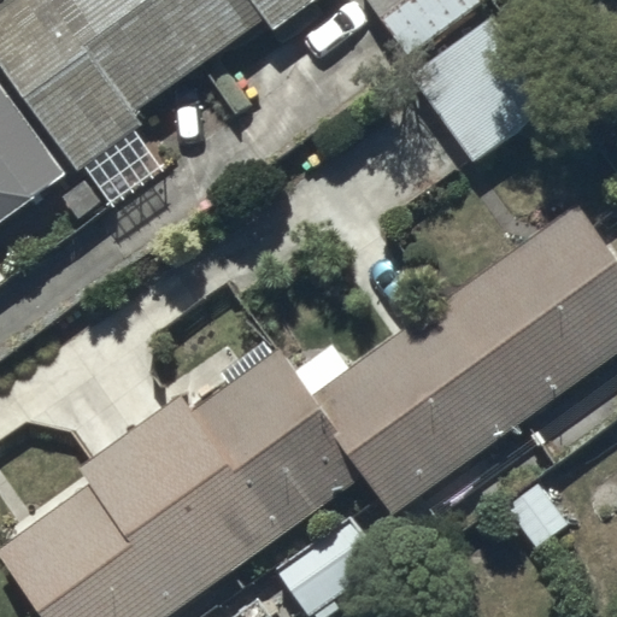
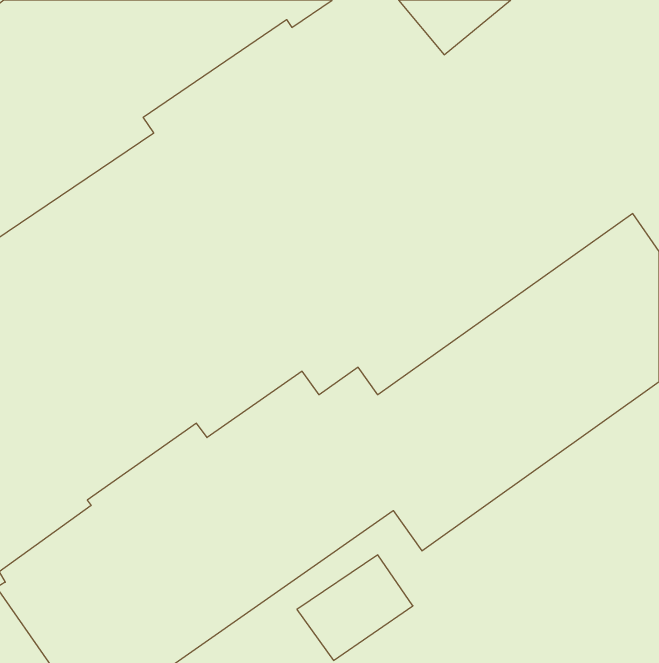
building: [410,13,558,160] -> none

